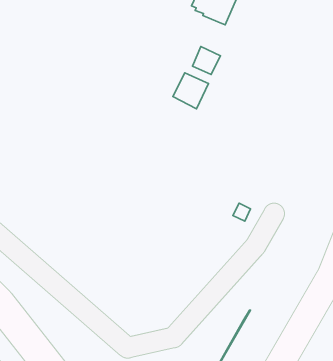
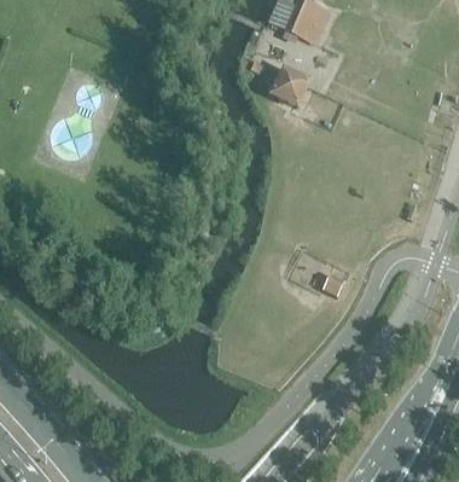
building: [173,73,208,109] -> none

